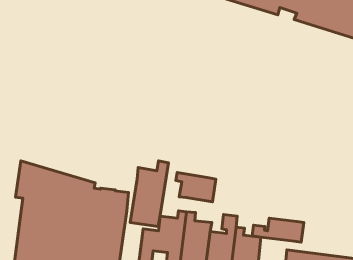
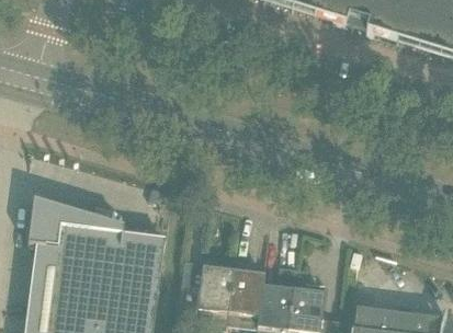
building: [130,161,168,226] -> none
building: [176,173,216,202] -> none
building: [252,218,304,242] -> none

